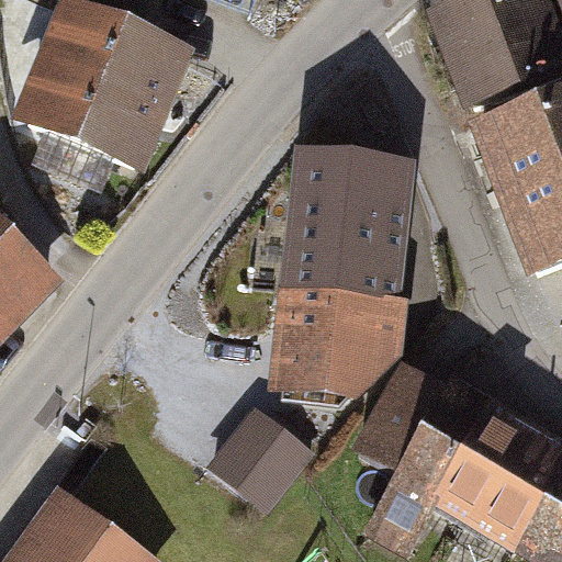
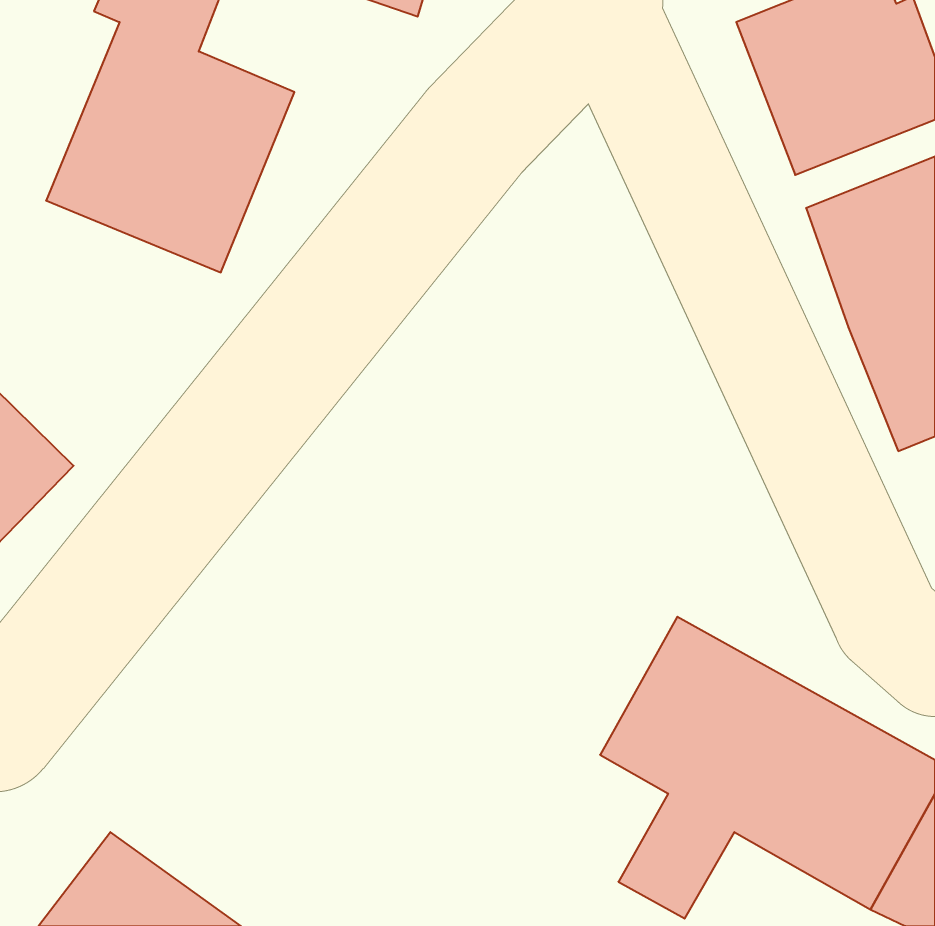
building: [280,155,406,392] -> none
building: [212,408,306,505] -> none

